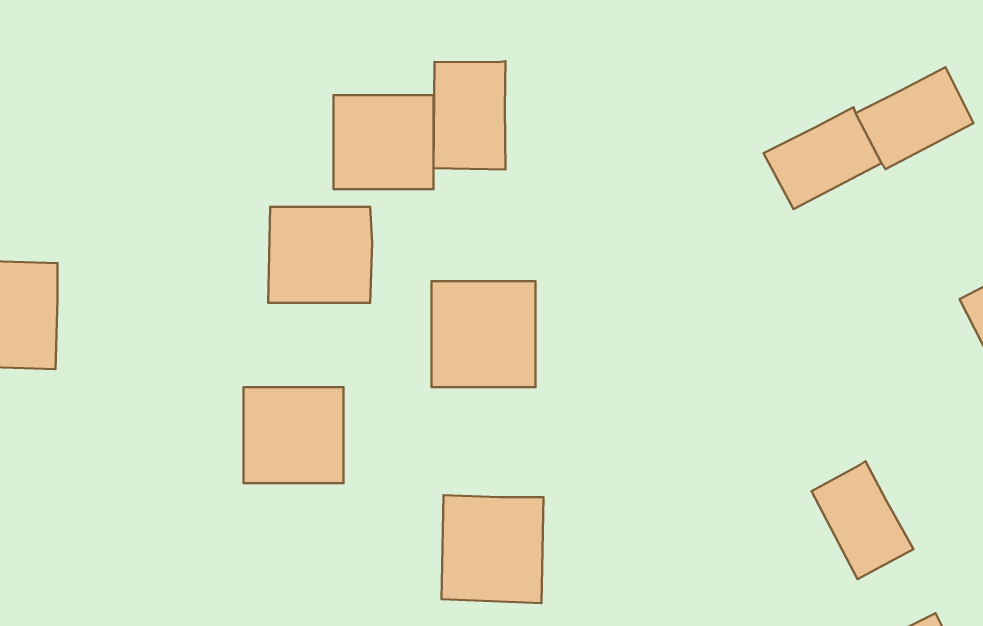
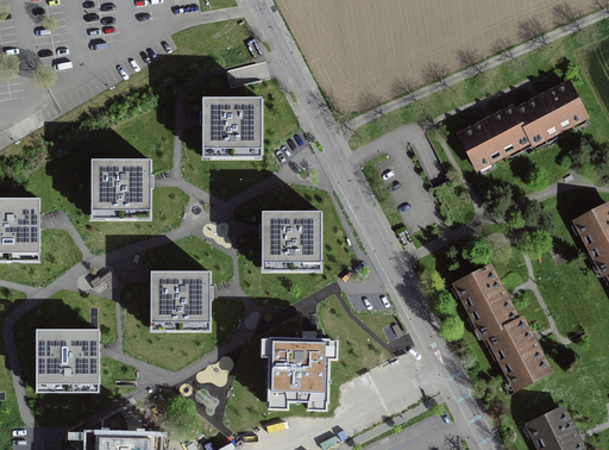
building: [434,61,505,169] -> none
building: [268,207,372,303] -> [90,158,152,215]
building: none -> [454,267,515,336]
building: none -> [34,327,98,390]

